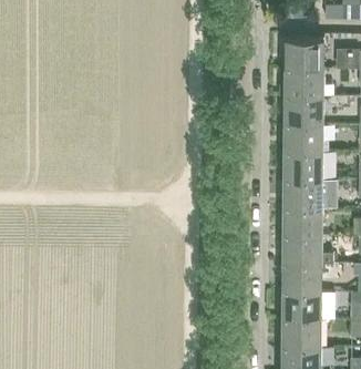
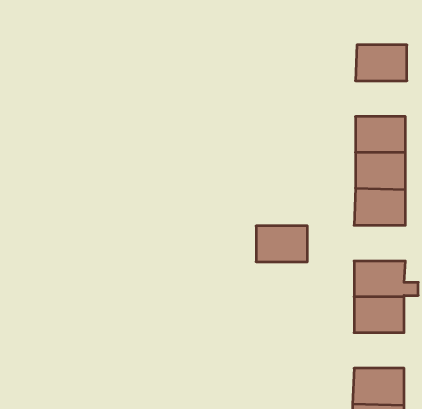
building: [285,39,323,68] -> none
building: [283,95,323,123] -> none
building: [282,207,322,235] -> [256,226,307,262]
building: [282,290,321,318] -> none

